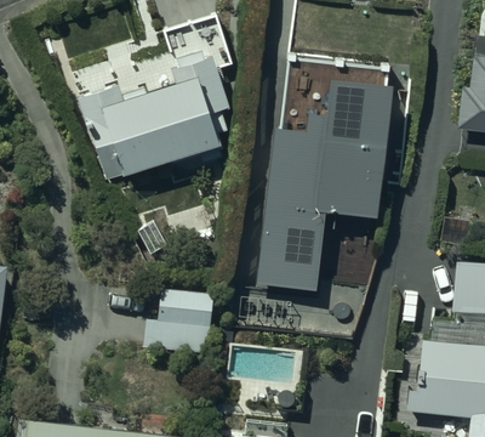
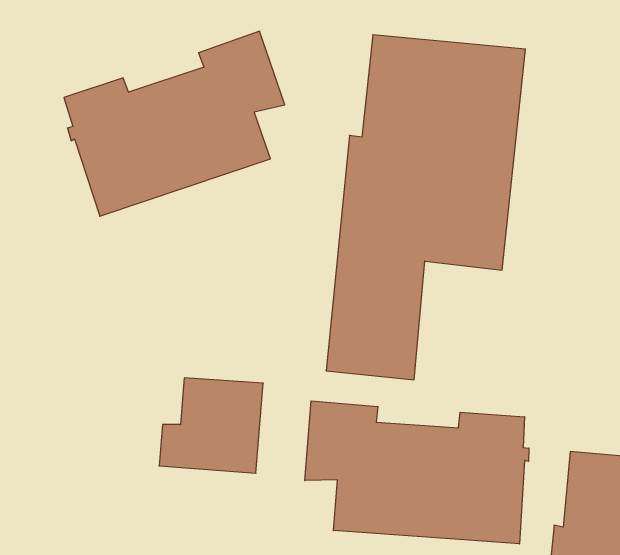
building: none -> [305,401,529,544]

